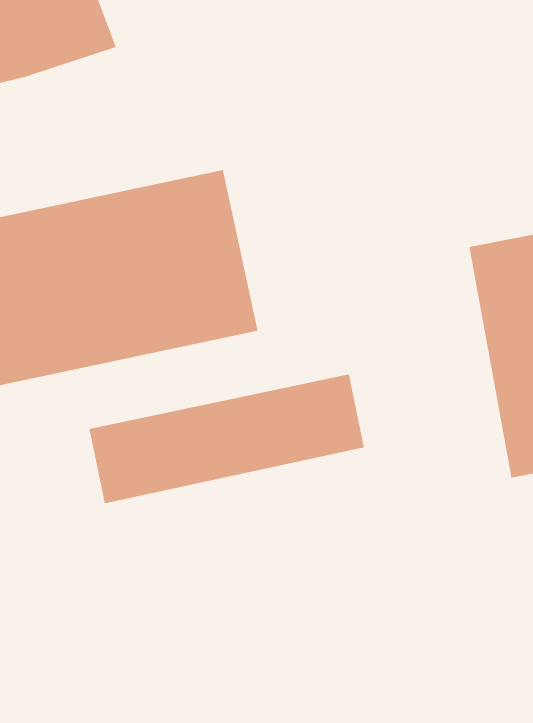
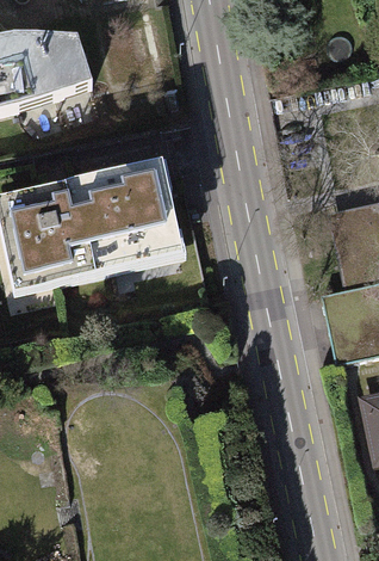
building: [88,373,365,504] -> none

